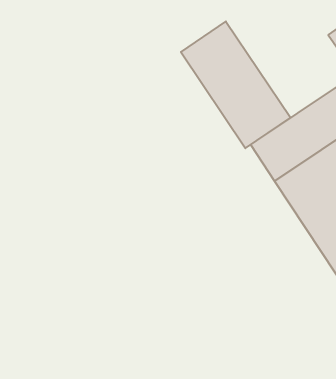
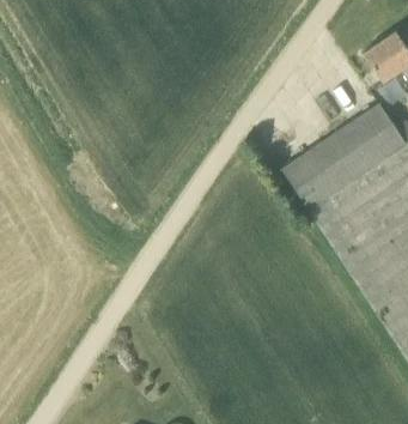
building: [181,21,290,148] -> none

